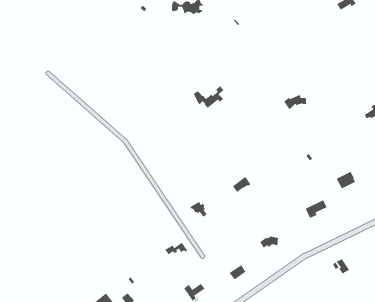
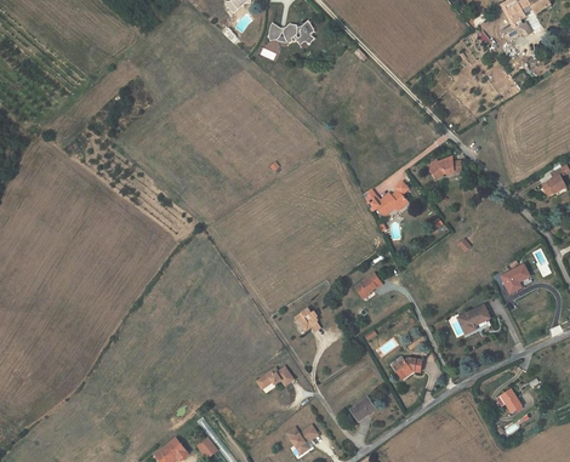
building: [193,85,225,109] -> [363,182,407,216]

